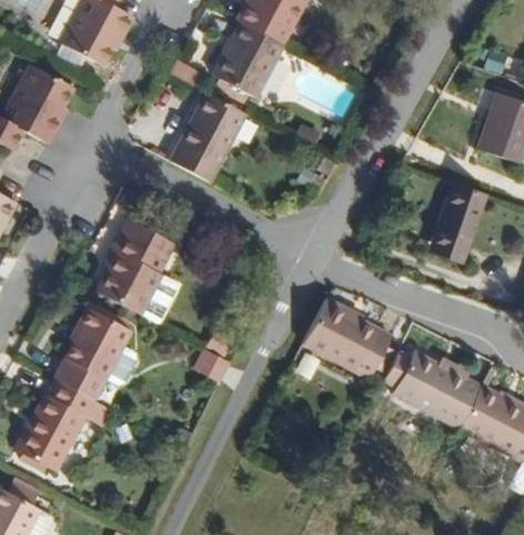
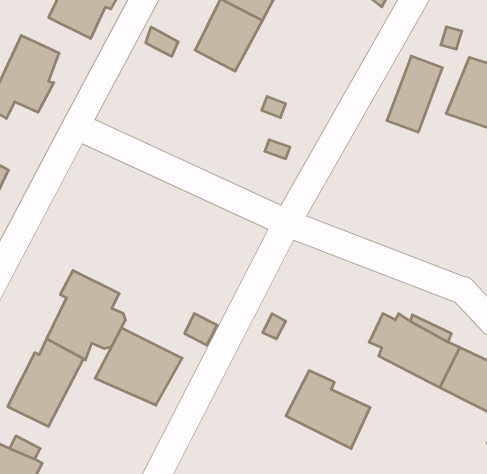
building: [173,93,245,183] -> none
building: [436,178,495,258] -> [387,56,443,132]
building: [95,221,171,314] -> none
building: [311,302,400,384] -> [286,371,370,449]
building: none -> [95,328,182,405]

